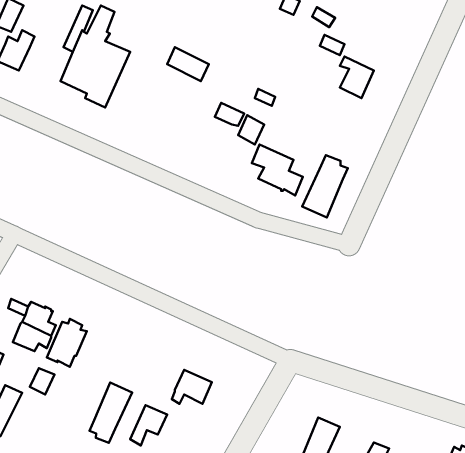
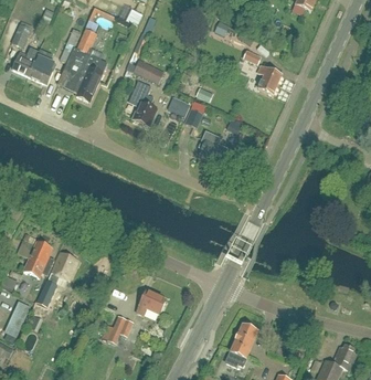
building: none -> [28,49,55,84]
building: none -> [129,81,157,125]
building: [302,155,348,218] -> none
building: [89,383,132,443] -> none

